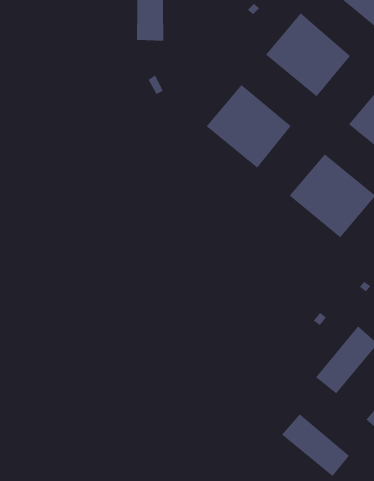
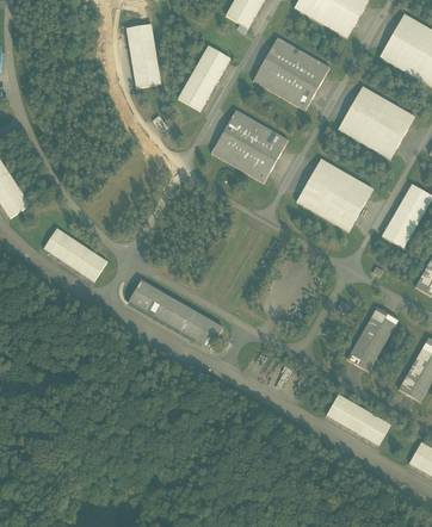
building: none -> [179,45,230,110]
building: none -> [44,228,107,281]
building: none -> [129,280,223,348]

